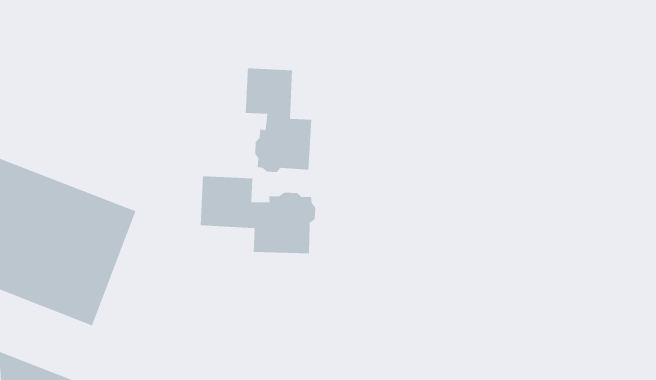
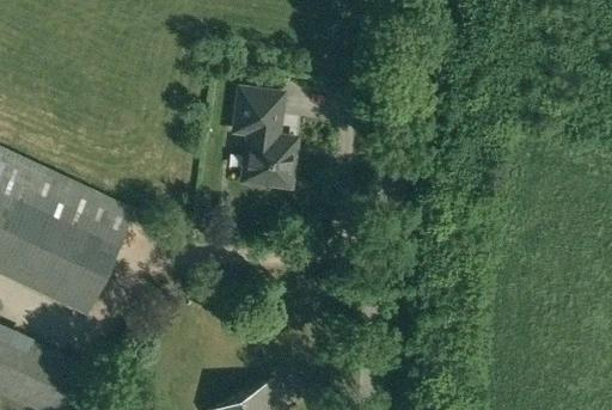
building: [200,176,316,254] -> none

